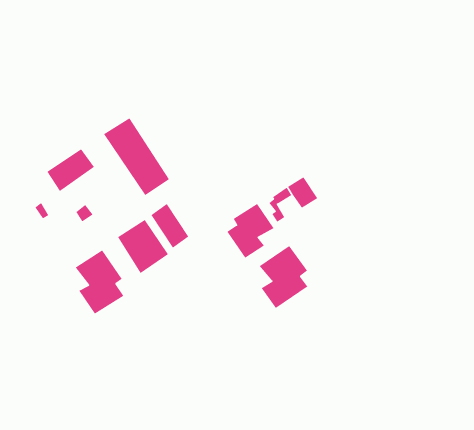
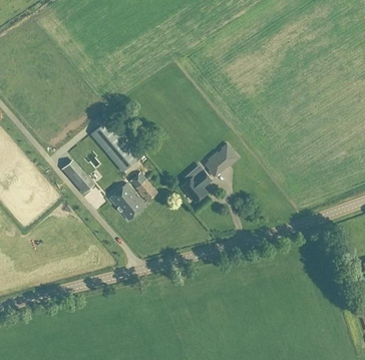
building: [259,245,308,309] -> none
building: [75,250,124,315] -> none

